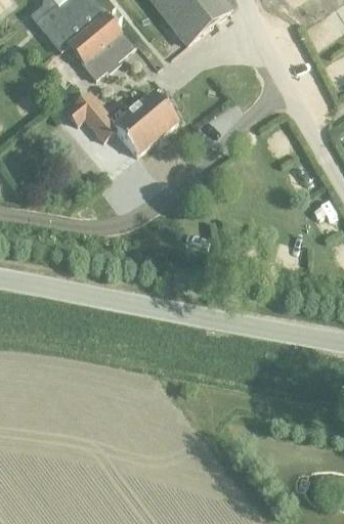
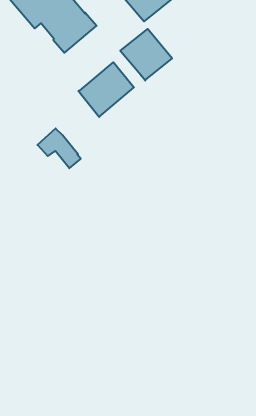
building: none -> [120,29,172,81]
building: [64,93,116,140] -> [37,128,81,168]

